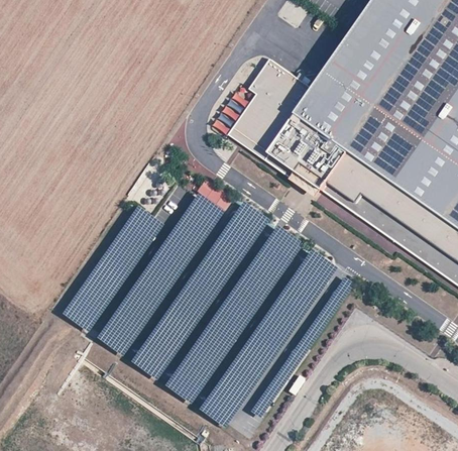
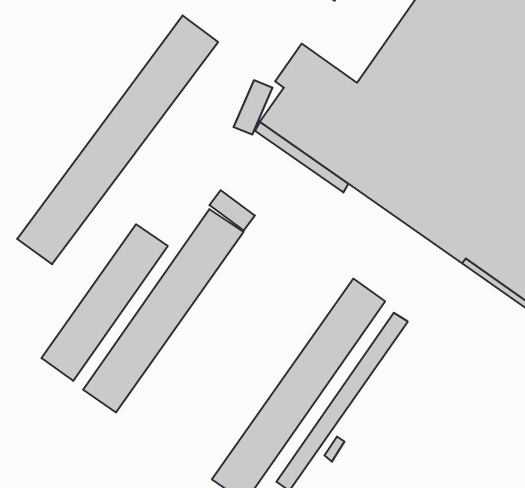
building: none -> [17,15,218,264]
building: [131,201,270,380] -> none
building: [164,225,305,404] -> none

